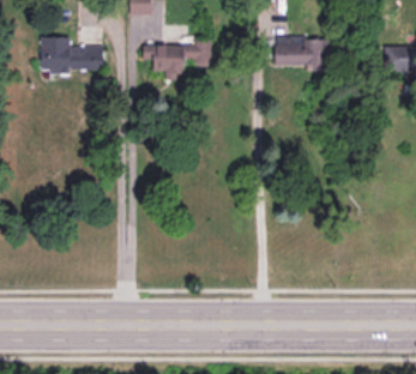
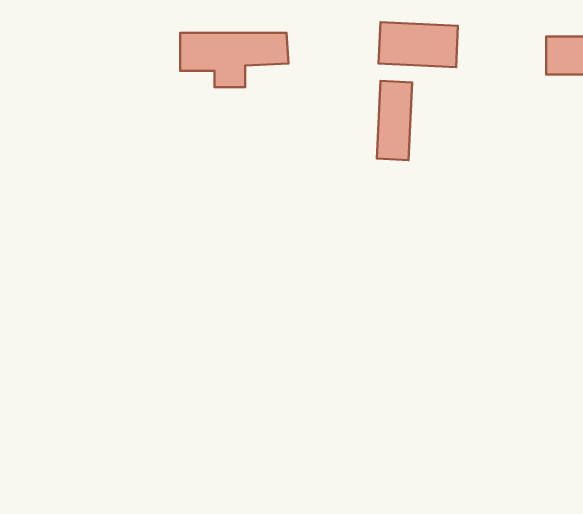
building: [38,37,102,73] -> none
building: none -> [377,81,412,160]

